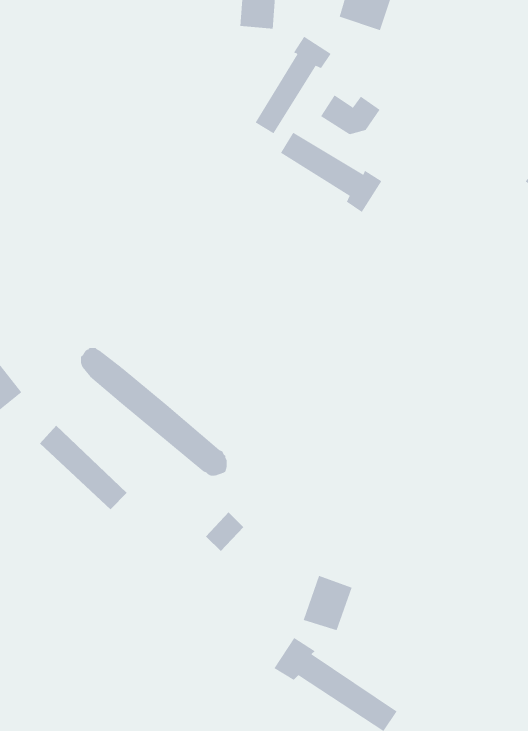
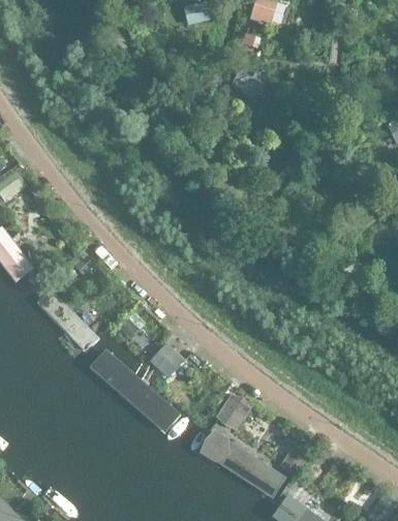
building: [255,36,332,134] -> none
building: [280,132,382,213] -> none
building: [80,347,228,476] -> [100,355,198,440]

